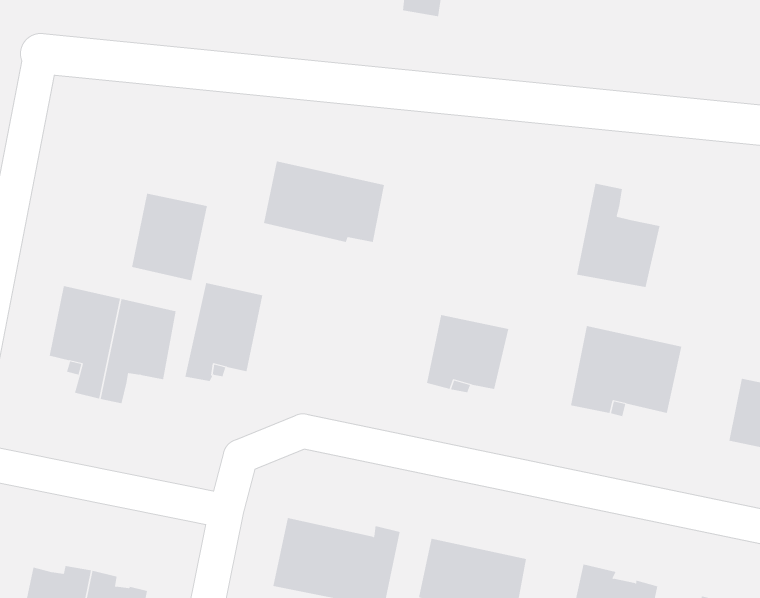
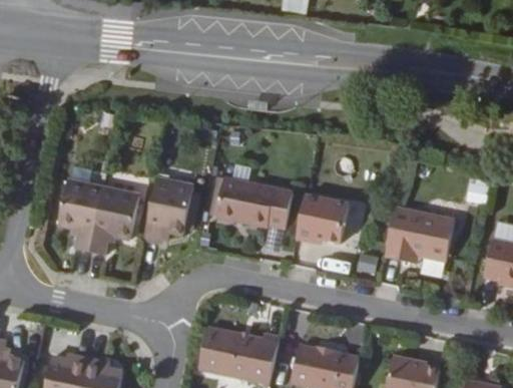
building: [263,161,385,242] -> [215,176,292,228]
building: [577,183,660,288] -> none
building: [132,193,207,281] -> none

